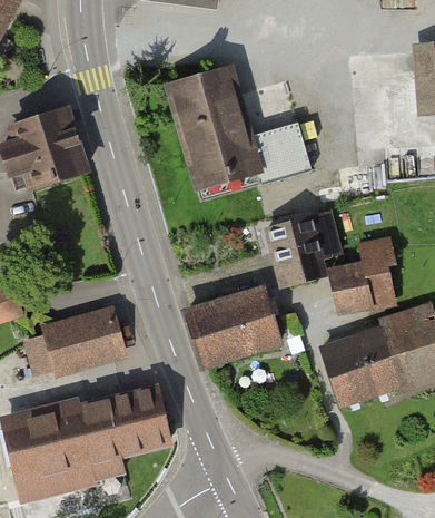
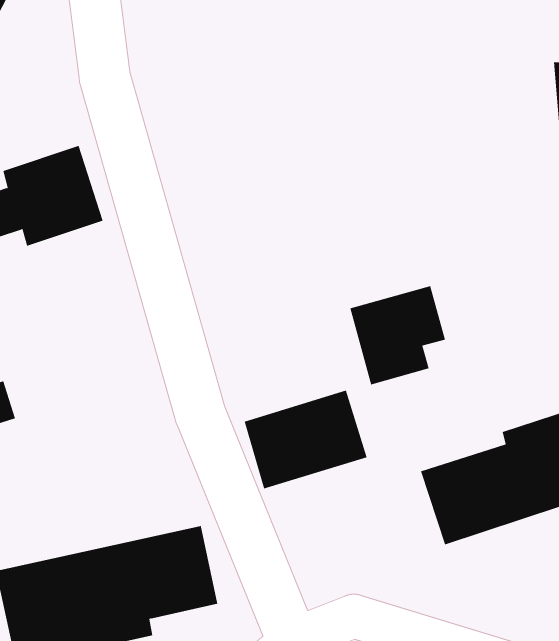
building: [170,70,312,195] -> none
building: [329,241,395,312] -> none
building: [28,313,121,373] -> none

